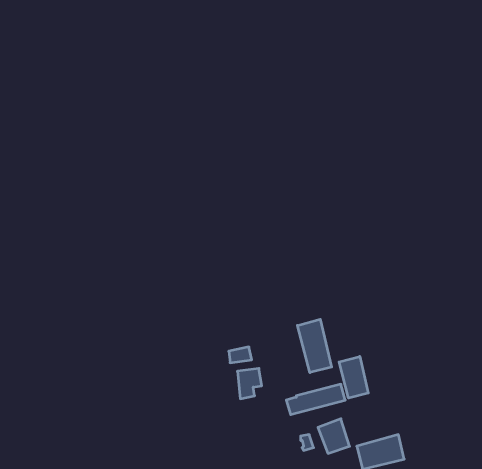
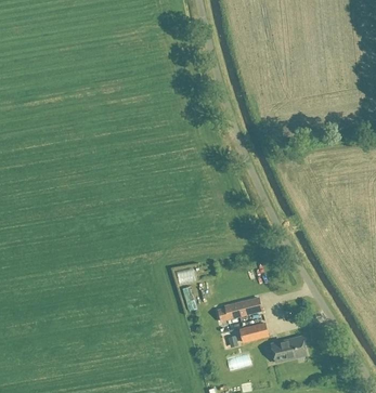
building: [297,319,332,373] -> none
building: [339,356,368,398] -> none

